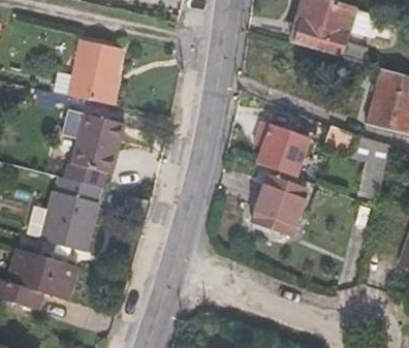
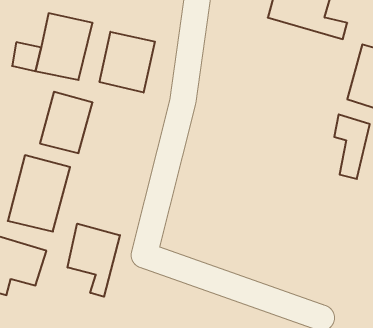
building: none -> [100,32,155,93]
building: [256,117,311,167] -> none
building: [252,176,308,234] -> none
building: none -> [68,224,120,297]

